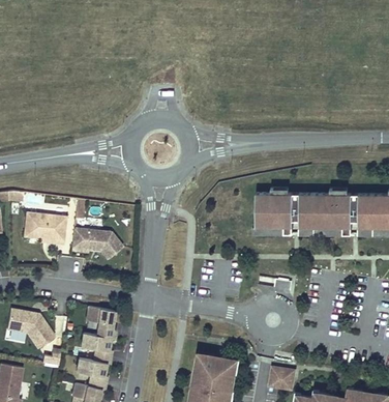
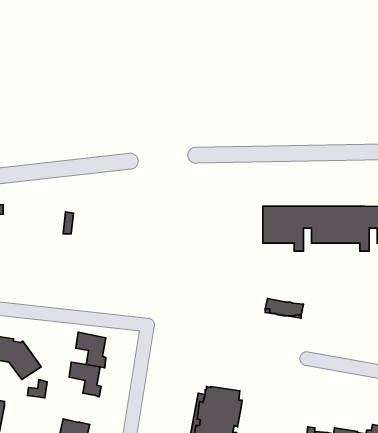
building: [24,213,66,245] -> none
building: [71,229,123,260] -> none
building: [76,360,104,391] -> none
building: [268,367,294,390] -> none

